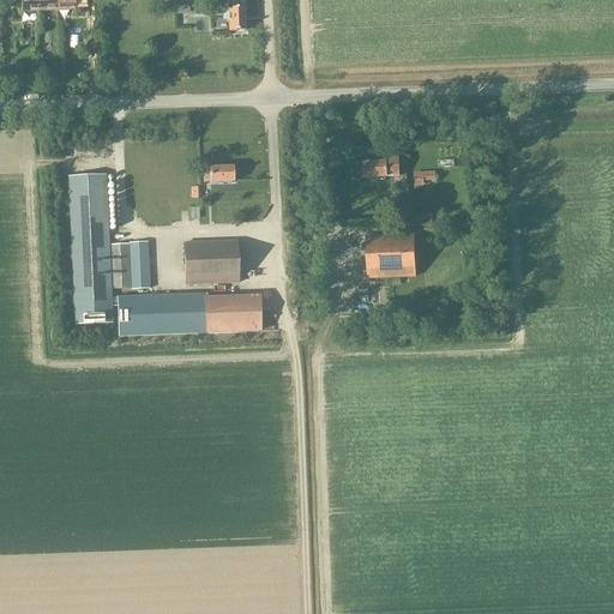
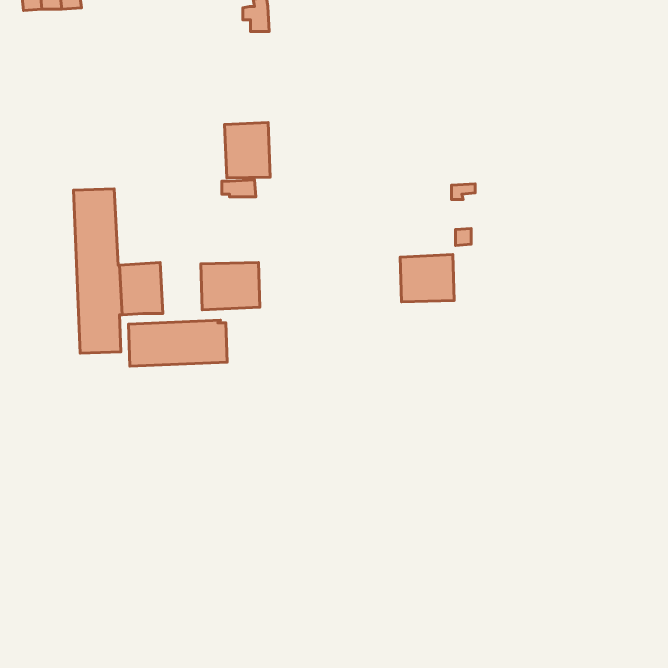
building: none -> [225,122,270,178]
building: [366,155,402,177] -> none
building: [209,294,260,331] -> none

